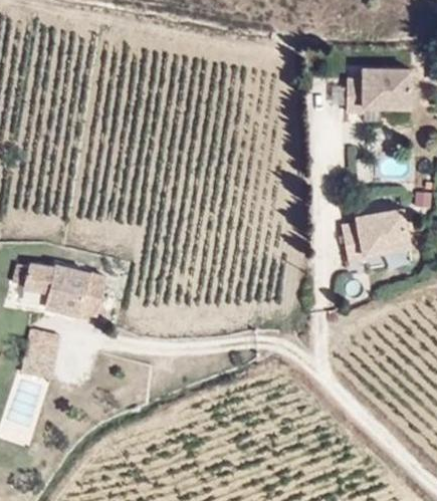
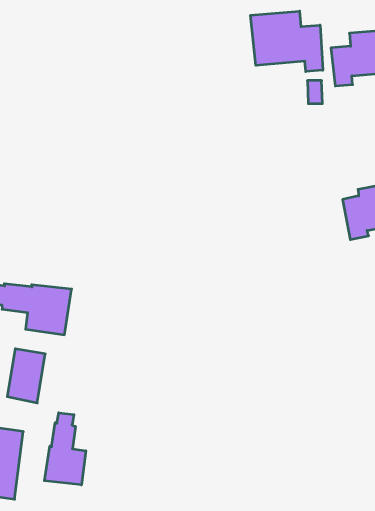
building: none -> [251,11,323,72]
building: none -> [44,413,86,485]

